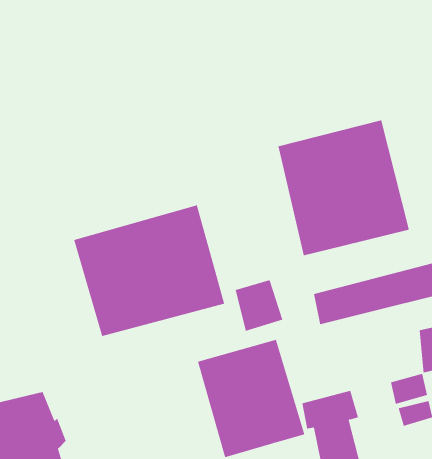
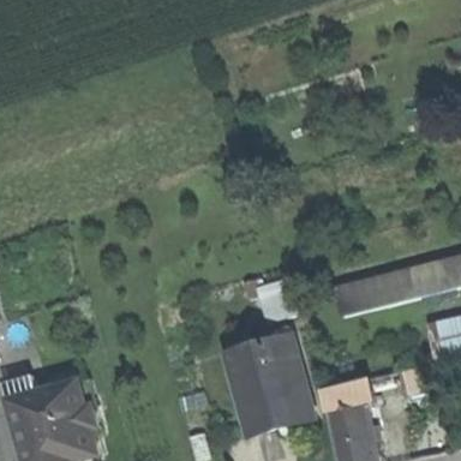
building: [278,120,409,256] -> none
building: [73,204,225,337] -> none

